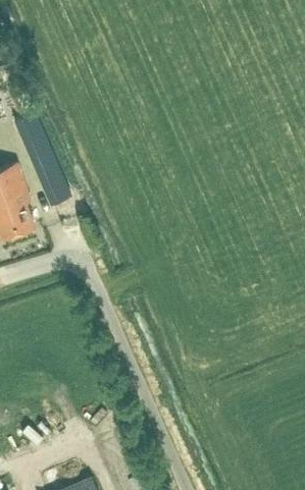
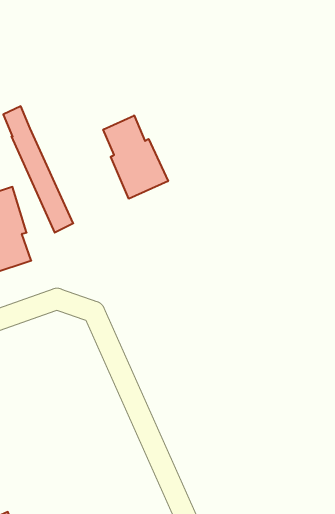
building: none -> [103,115,168,199]

